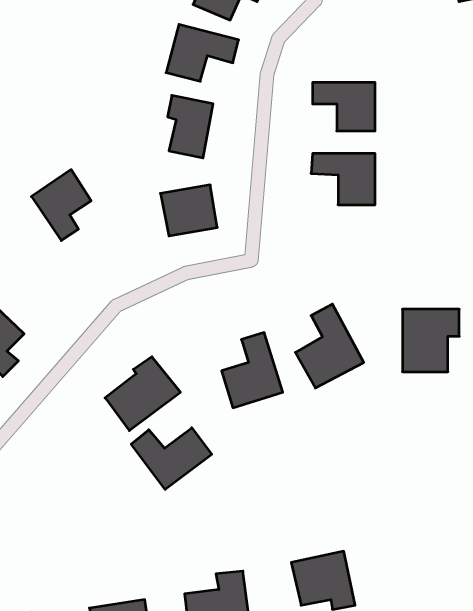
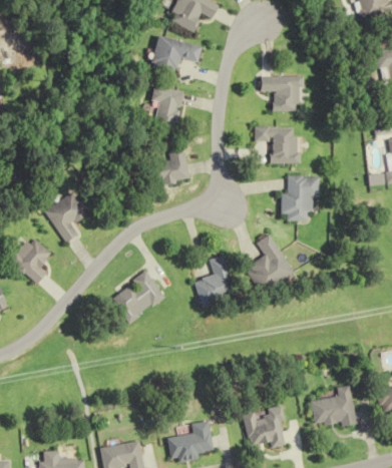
building: [31,170,91,241] -> [45,191,87,242]
building: [402,309,459,372] -> [283,175,323,219]
building: [131,428,212,489] -> none
building: none -> [309,385,354,428]

